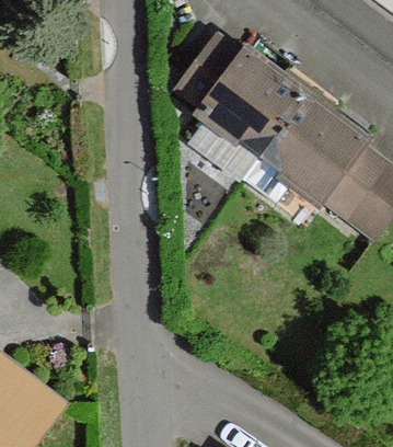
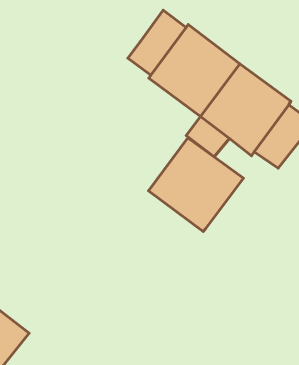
building: none -> [149,138,244,232]

